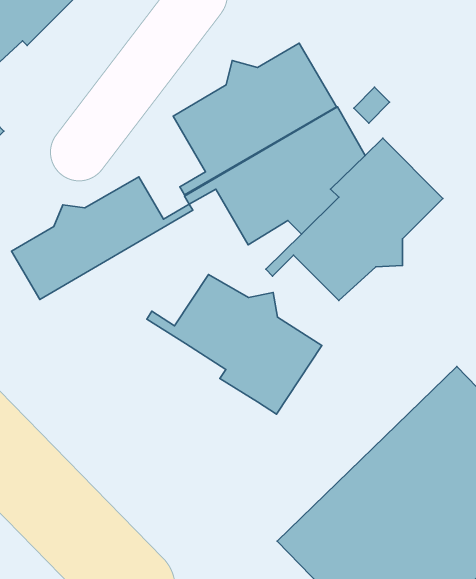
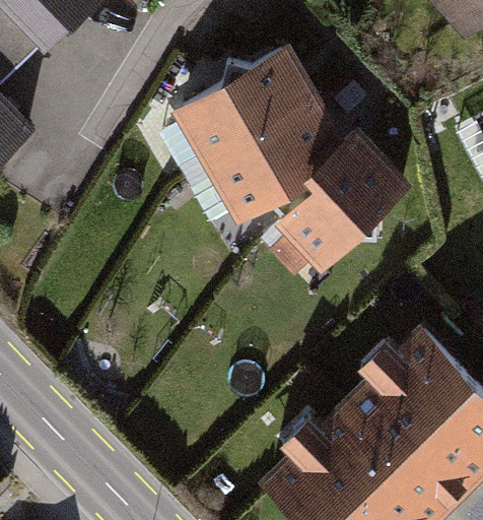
building: [12,177,193,300] -> none
building: [147,275,322,414] -> none

